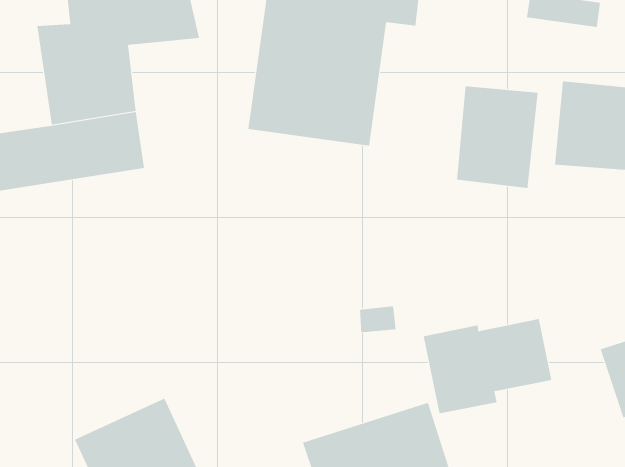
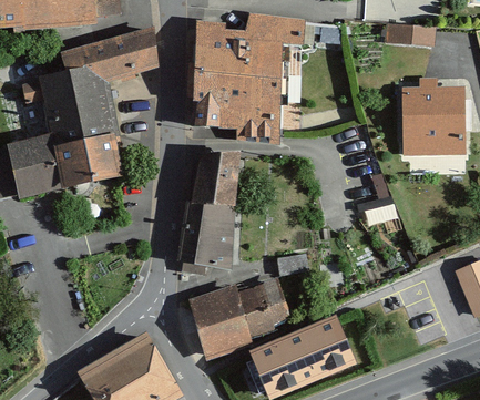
building: [456,85,538,189] -> none
building: none -> [186,150,239,269]
building: [423,318,552,414] -> [195,277,289,350]

